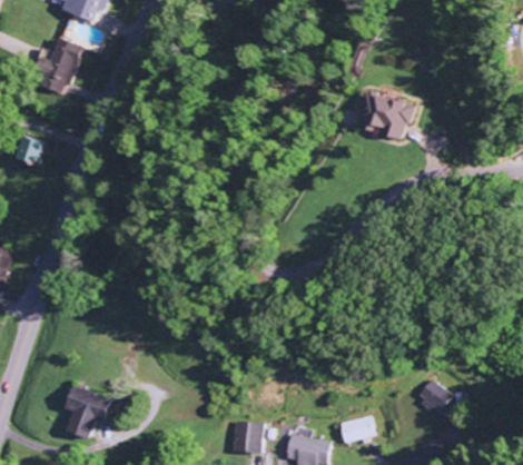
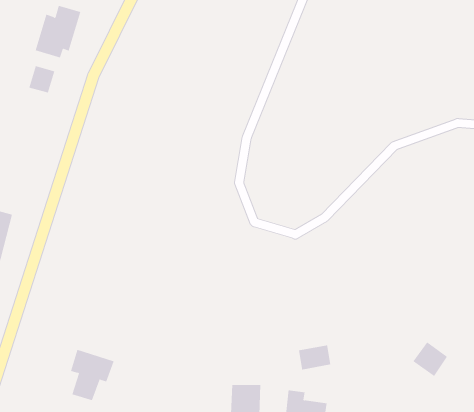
building: [353,90,414,141] -> none
building: [19,136,46,164] -> [29,66,55,93]
building: [341,417,374,443] -> [298,345,331,370]

